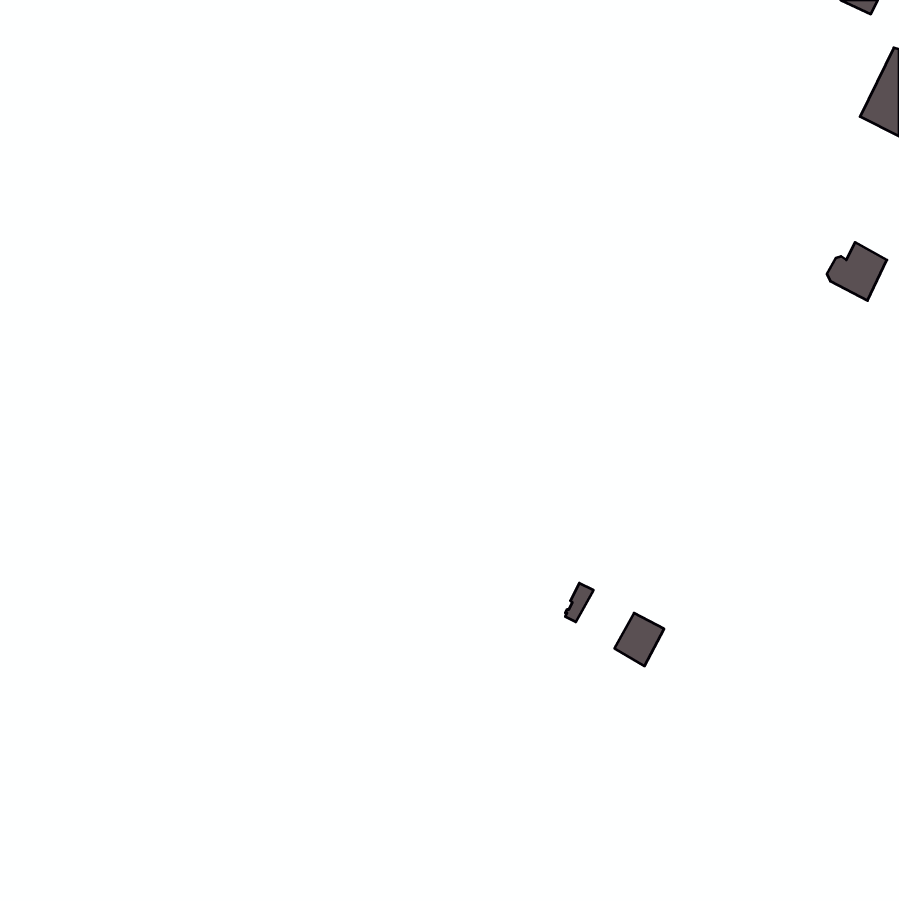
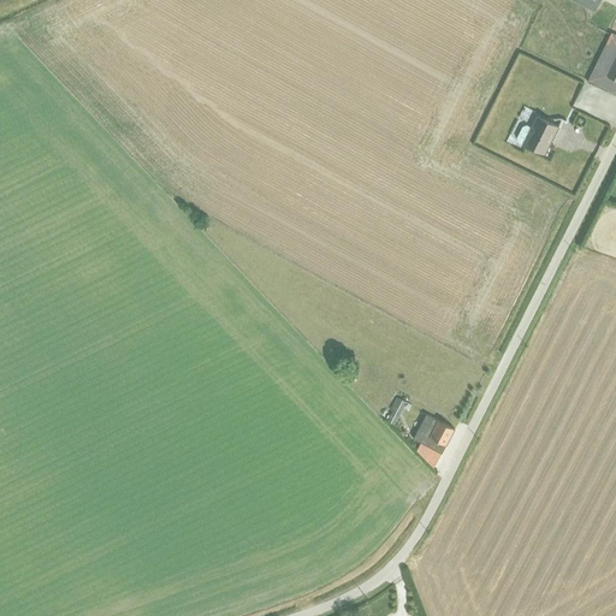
building: [827,242,887,301] -> [515,116,556,155]

